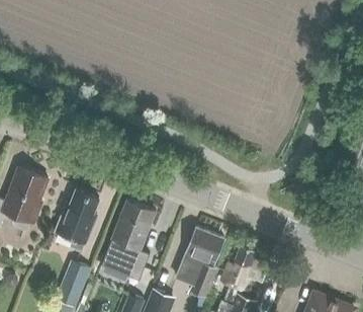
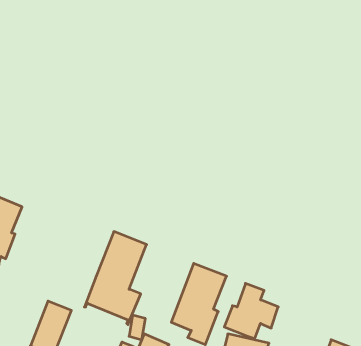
building: [55,190,98,252] -> none

